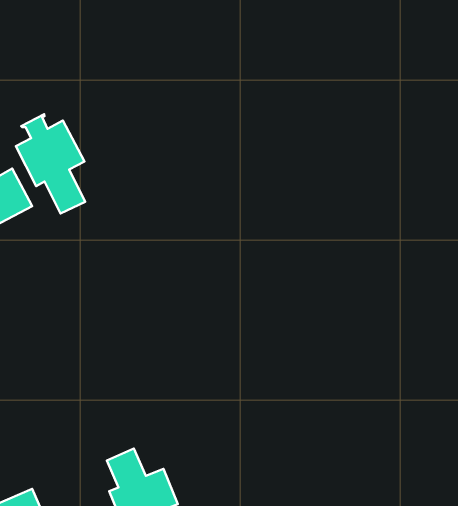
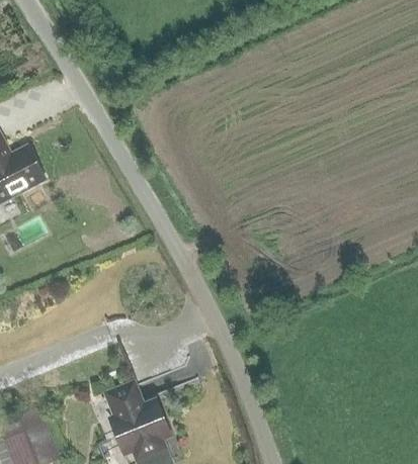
building: [16,114,85,214] -> none

